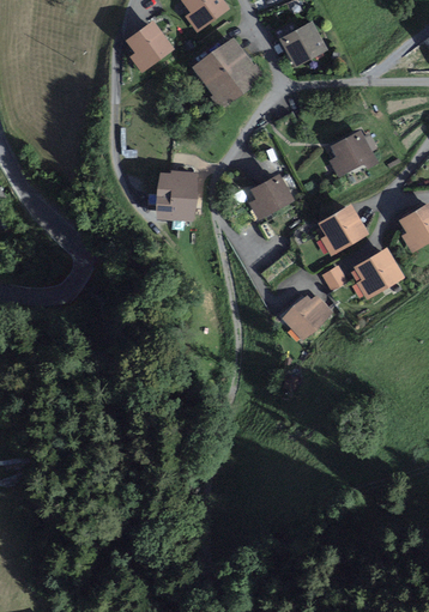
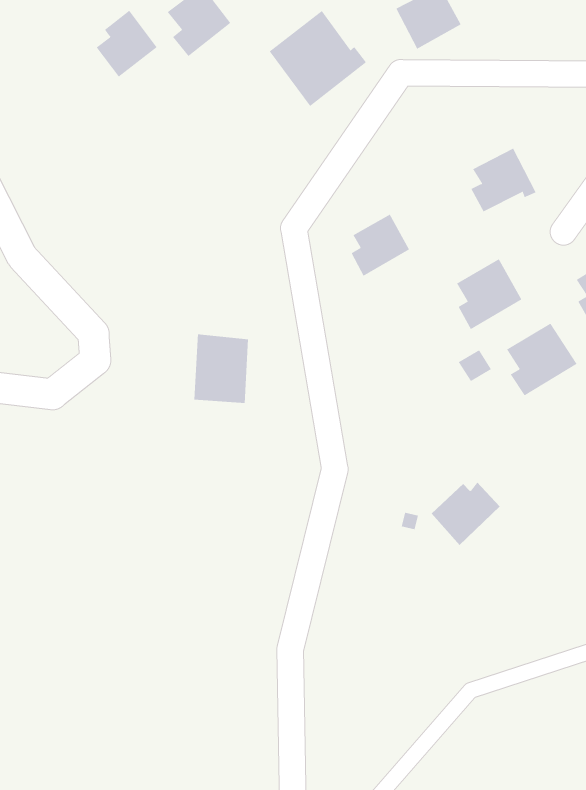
building: none -> [96,10,158,78]
building: [157,171,194,218] -> [194,334,249,403]
building: [284,295,331,338] -> [431,482,501,546]

